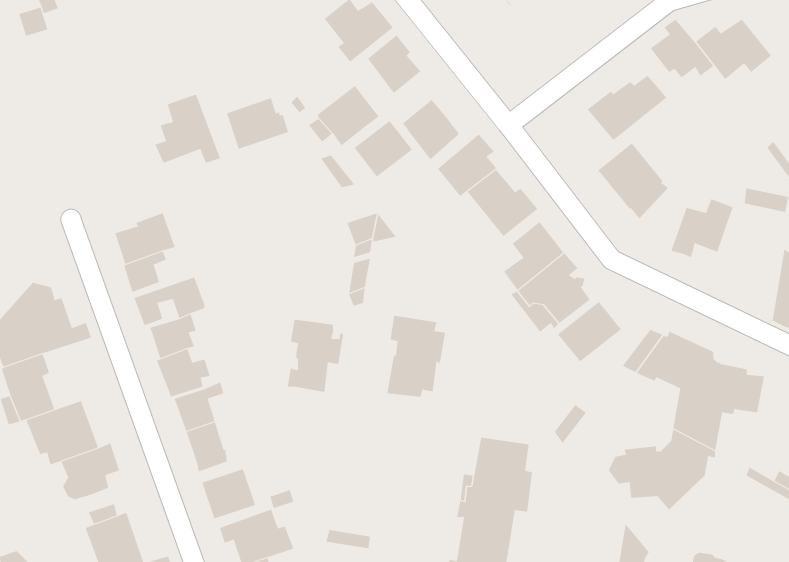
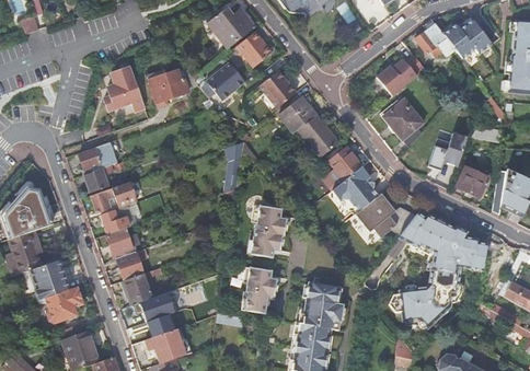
building: [354,120,413,177] -> none
building: none -> [456,166,487,197]
building: [287,319,344,392] -> [240,267,276,313]

